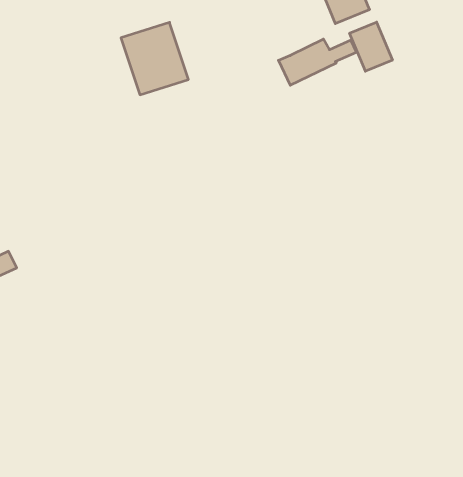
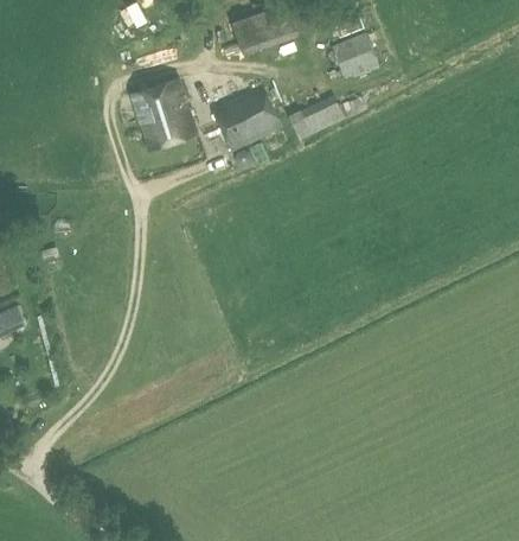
building: [350,22,392,71] -> none
building: none -> [211,84,282,152]

